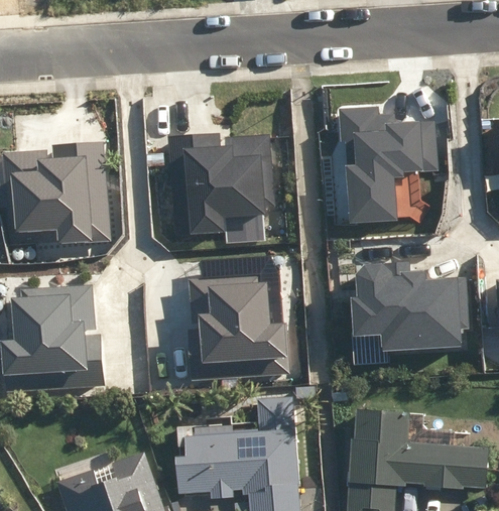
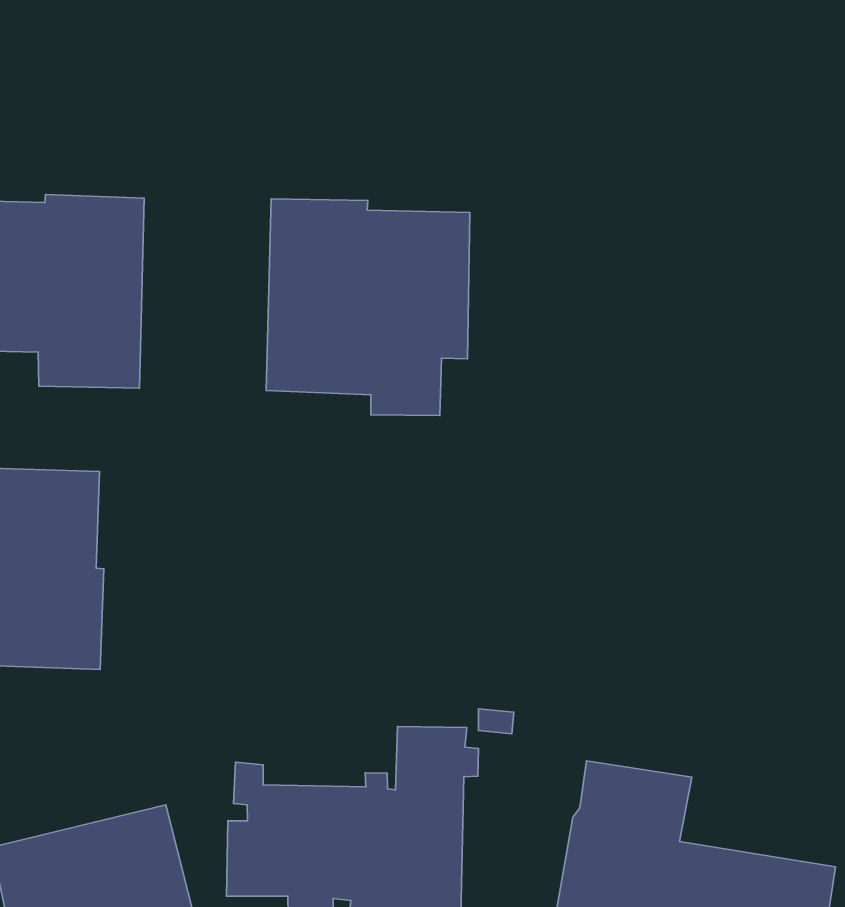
building: [340,107,438,223] -> none
building: [351,265,460,350] -> none
building: [188,276,289,380] -> none

